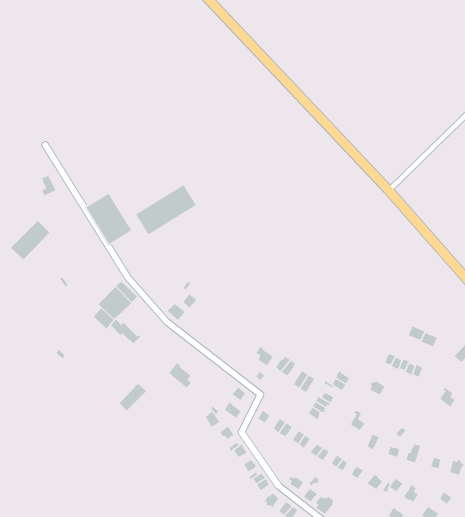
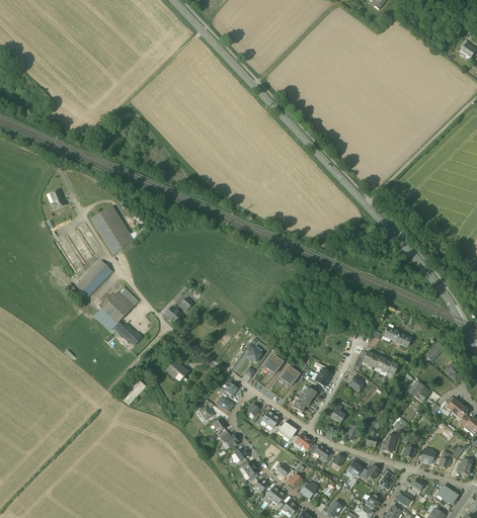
building: [135,184,197,235] -> none
building: [10,220,50,260] -> [75,260,111,296]

